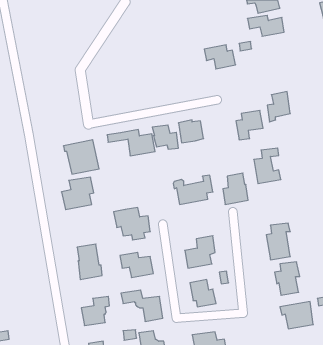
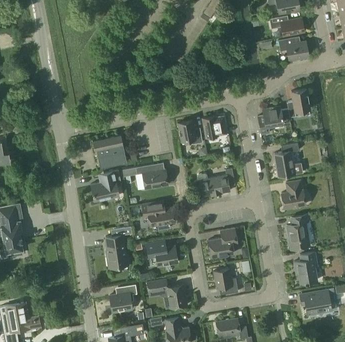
building: [204,45,236,69] -> [278,36,308,59]
building: [107,130,155,156] -> [122,164,168,189]
building: [223,173,248,204] -> [281,178,305,208]

